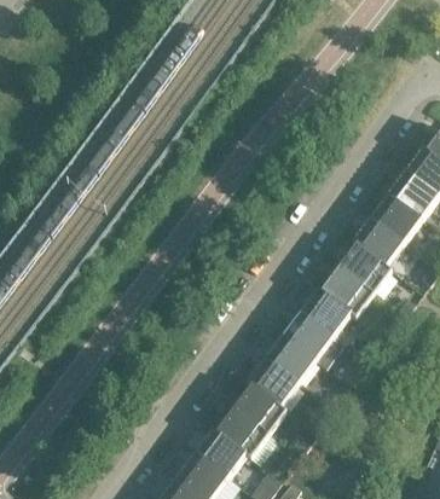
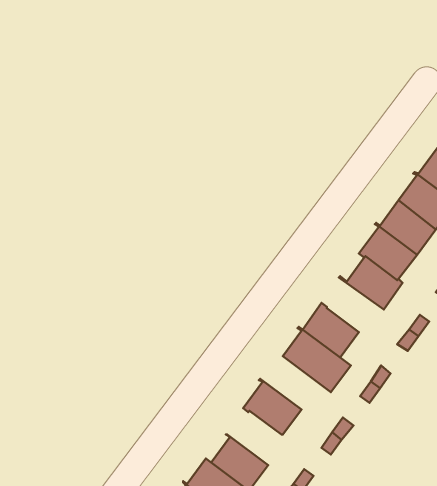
building: [320,265,372,318] -> none
building: [260,336,314,384] -> none
building: [230,385,285,435] -> none

